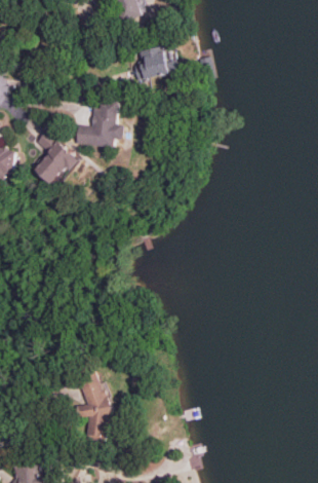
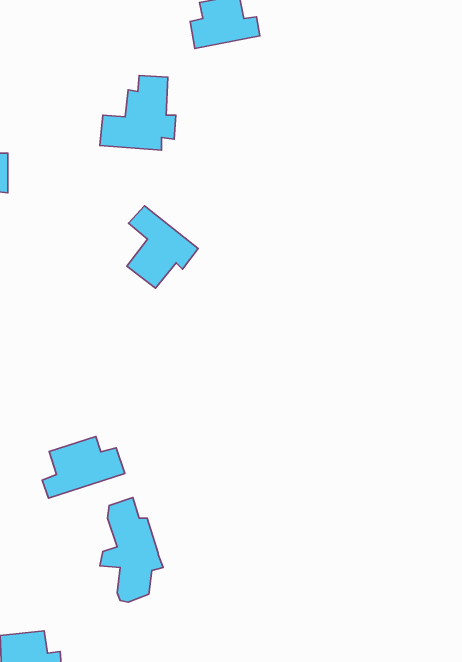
building: [35,132,81,185] -> [127,206,198,288]
building: none -> [42,437,125,498]

